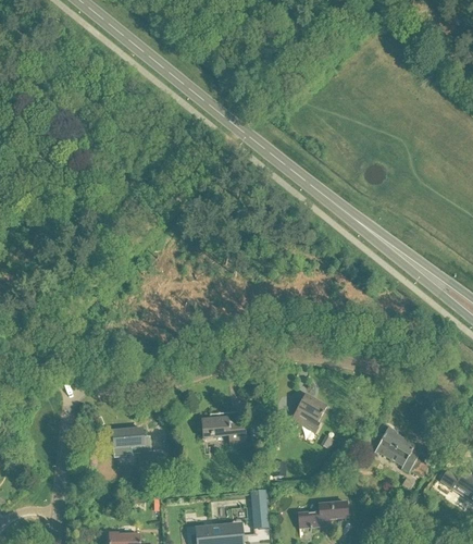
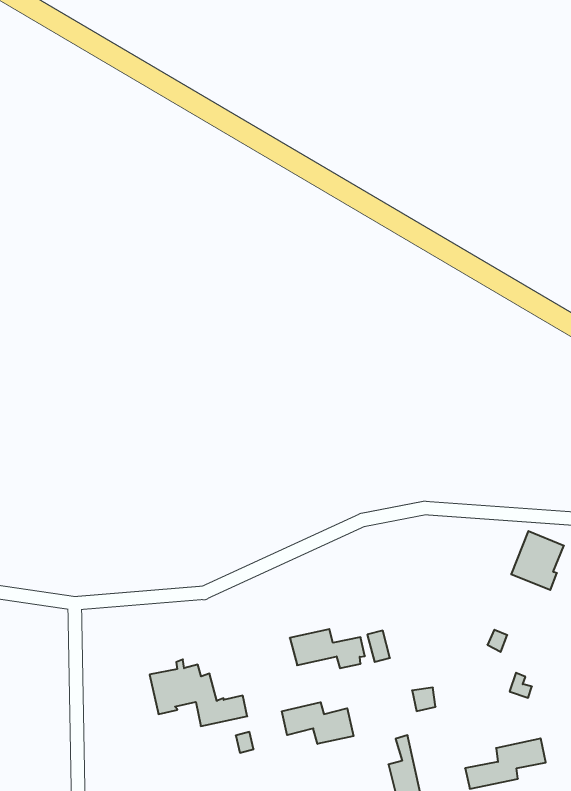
building: [291,393,326,431] -> [511,531,564,590]
building: none -> [282,702,354,744]

